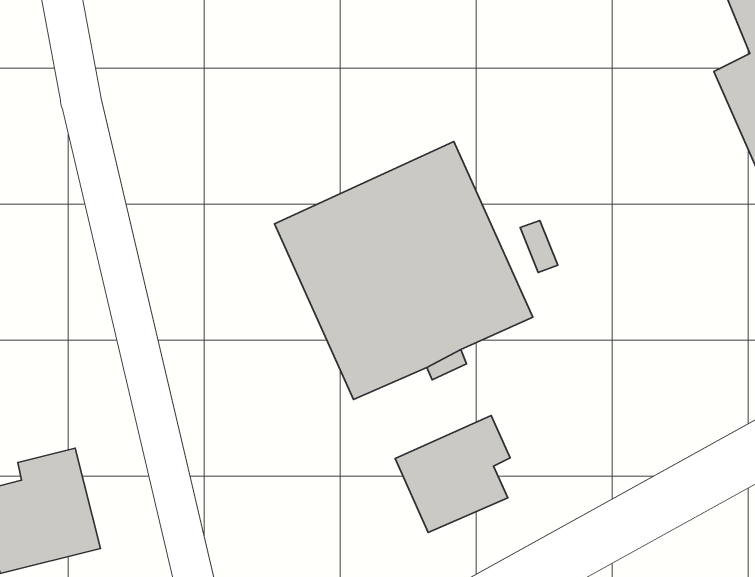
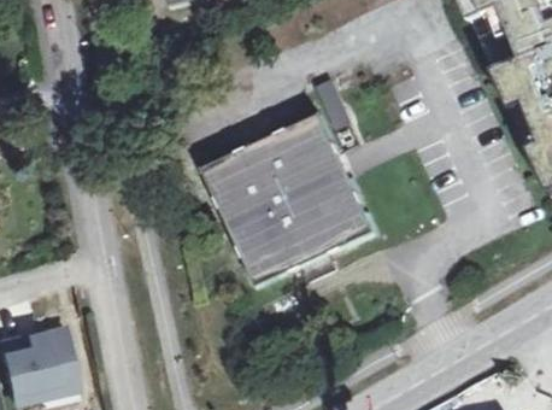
building: [395,415,510,533] -> none

